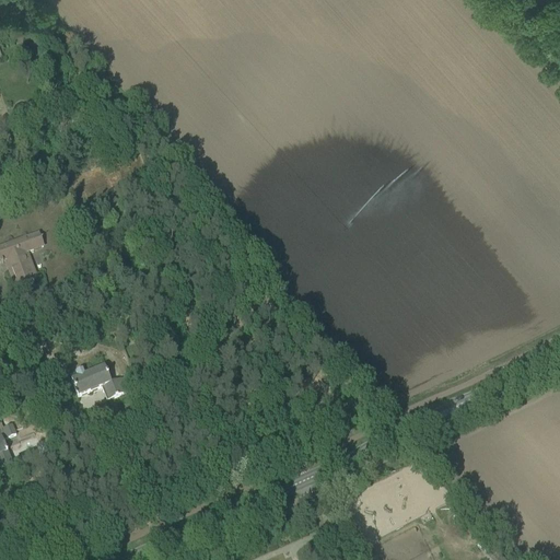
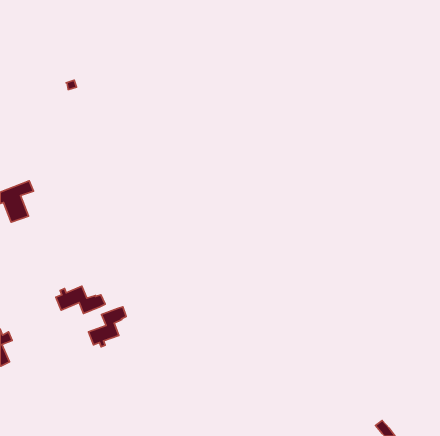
building: none -> [88,307,126,347]

